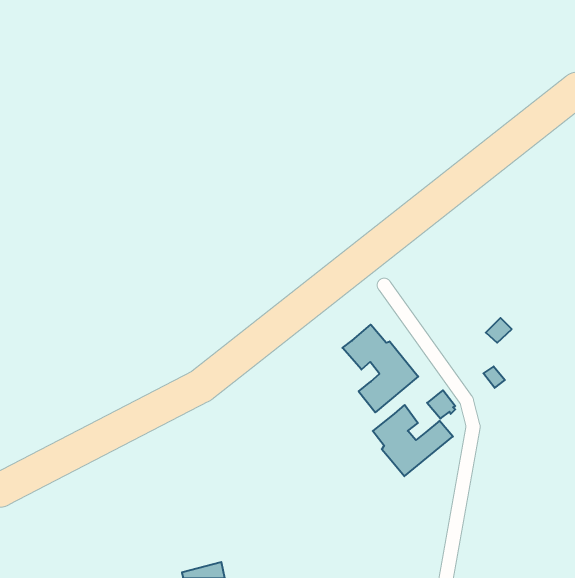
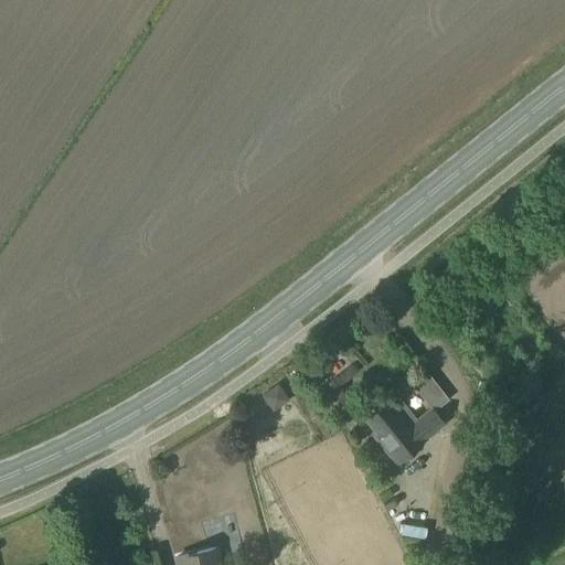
building: [342,325,418,412] -> none

